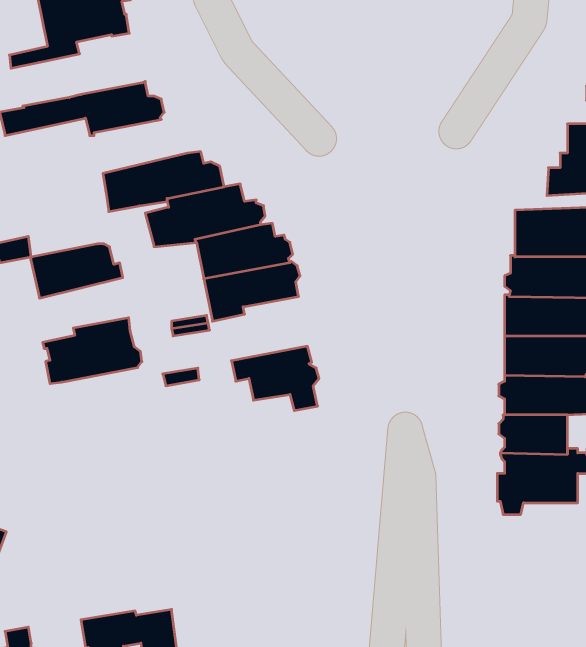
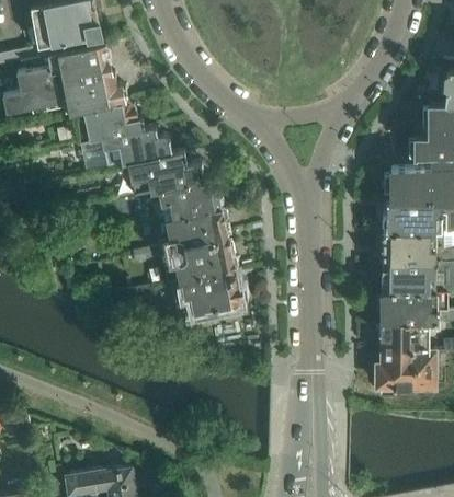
building: none -> [16,44,110,92]
building: [31,244,123,298] -> [73,102,143,142]
building: [43,318,142,384] -> [162,234,237,284]

